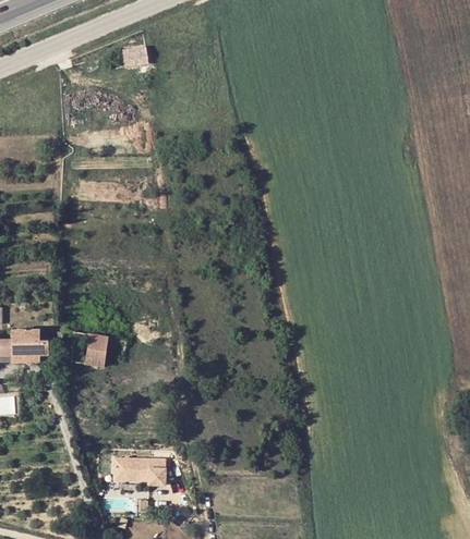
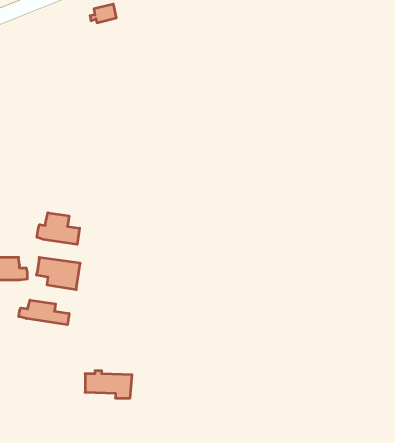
building: none -> [37,213,80,244]
building: none -> [19,300,69,325]

